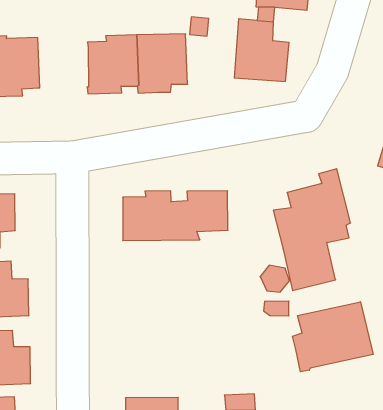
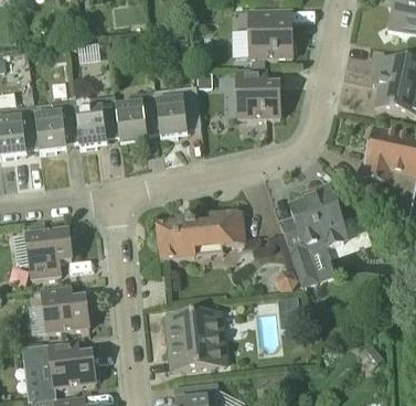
building: none -> [73,92,119,146]
building: [293,302,373,372] -> none
building: none -> [166,311,224,368]

